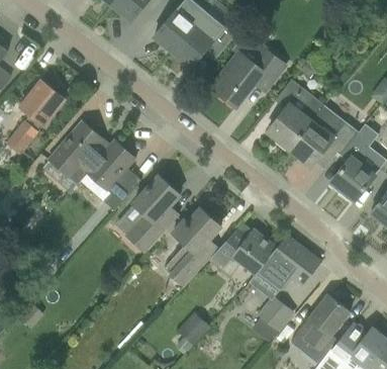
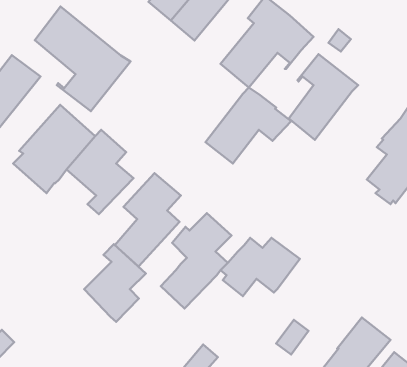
building: none -> [35,7,131,111]
building: [289,104,359,166] -> [206,88,291,163]
building: none -> [84,244,146,322]
building: [259,235,321,289] -> none

